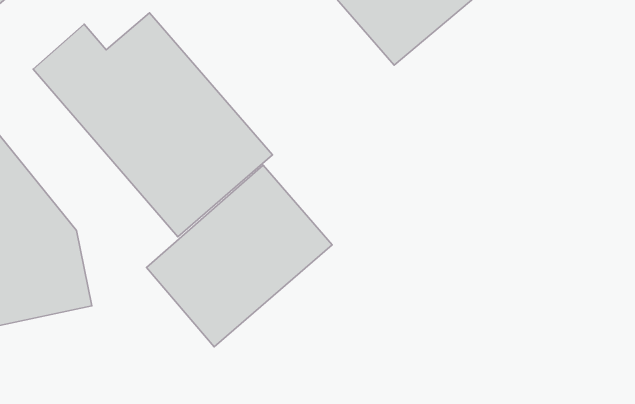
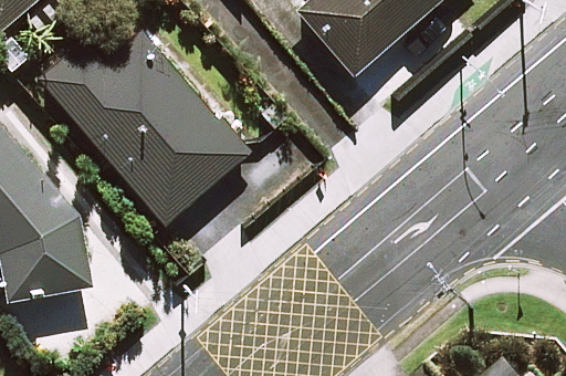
building: [146,165,332,347] -> none

